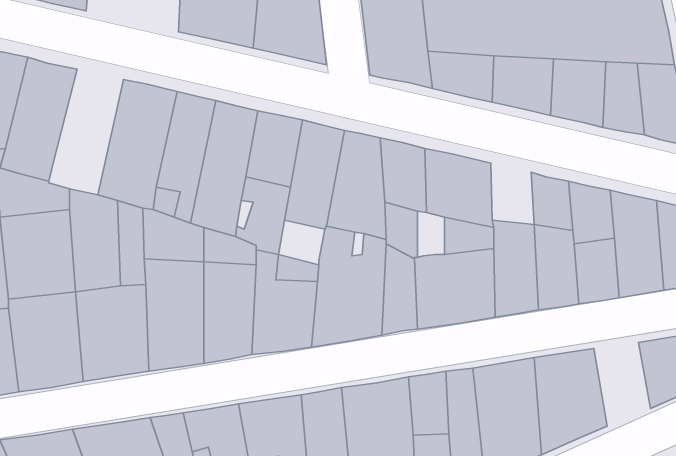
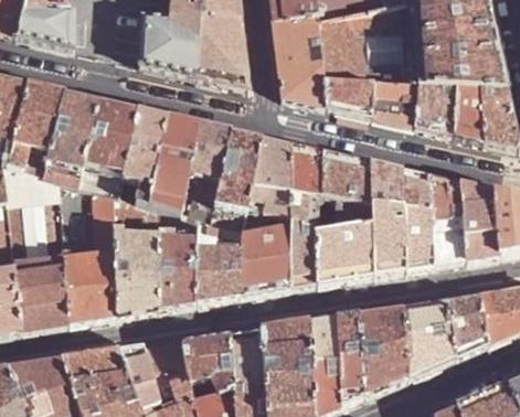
building: none -> [44,92,99,184]
building: none -> [371,161,403,206]
building: none -> [447,293,489,355]

